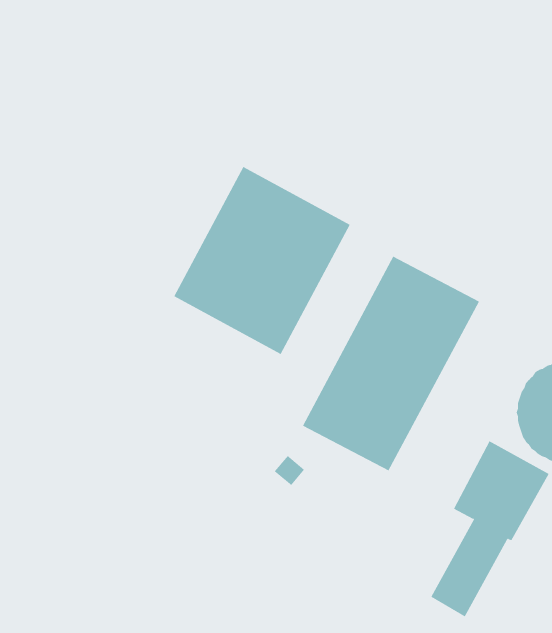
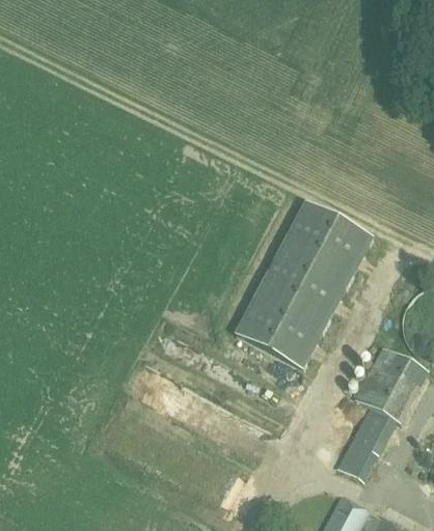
building: [173,166,351,355] -> none

